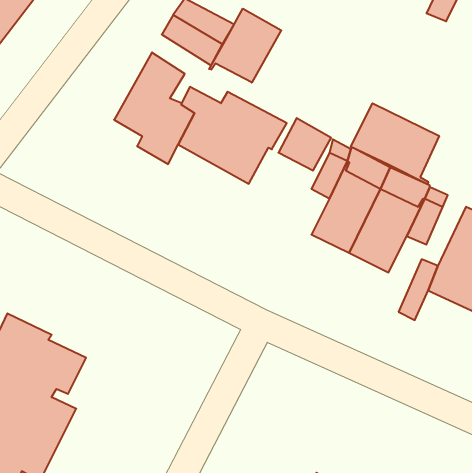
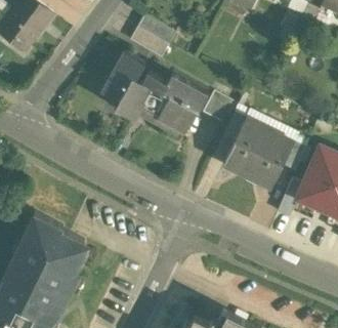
building: [209,9,281,83] -> none
building: [351,103,439,184] -> none

